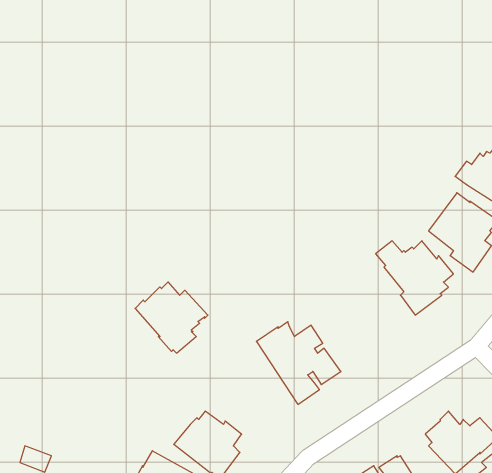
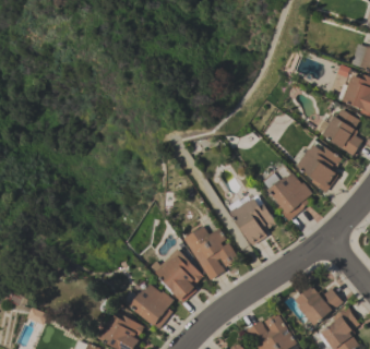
building: none -> [229,194,276,245]
building: [135,282,208,353] -> [155,254,203,301]

